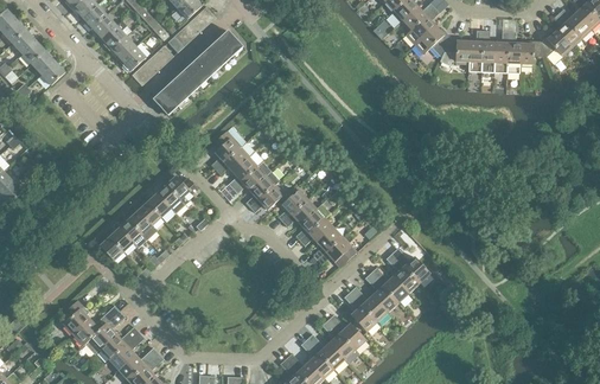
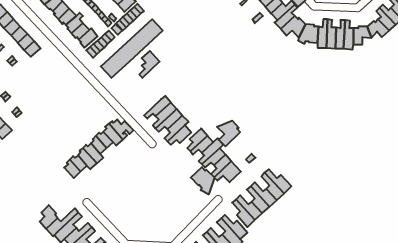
building: [210,132,240,171] -> [139,51,160,78]
building: none -> [217,121,240,146]
building: none -> [191,167,214,194]

